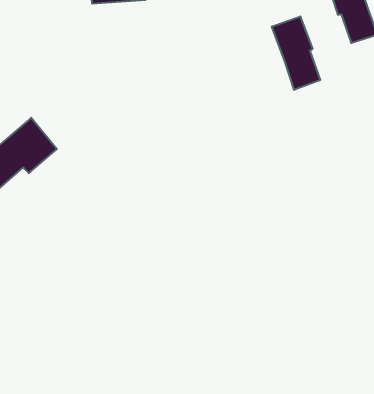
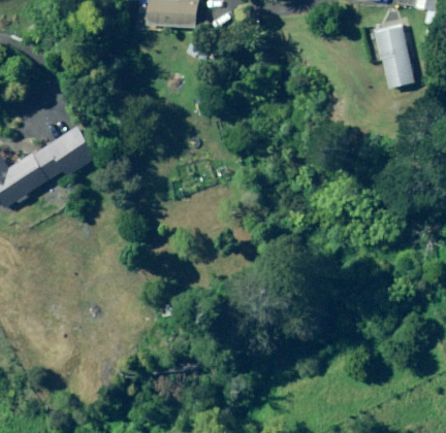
building: [272,16,320,90] -> none

